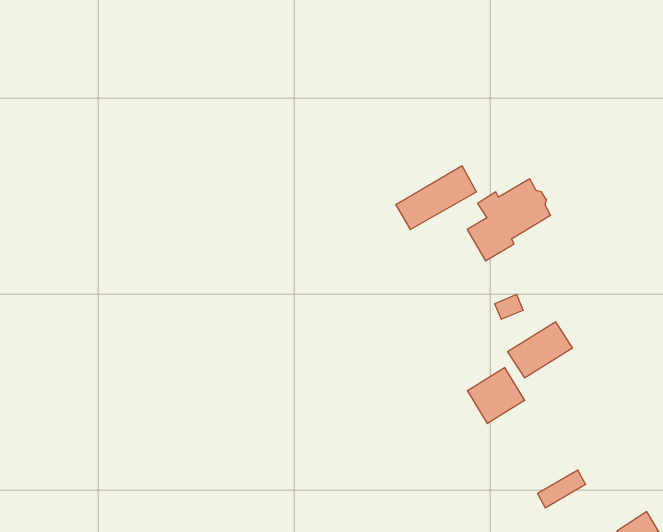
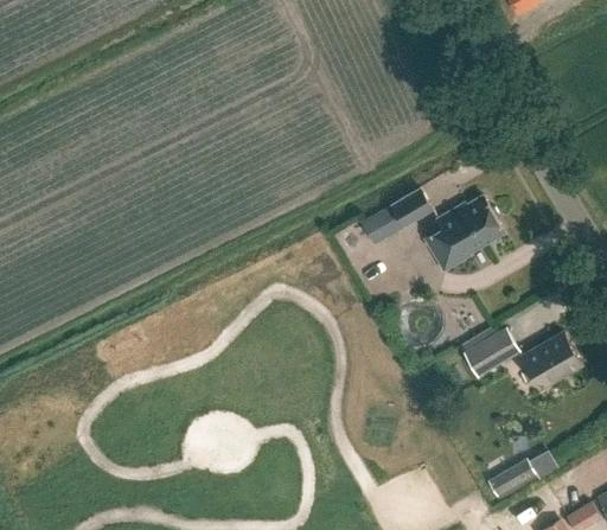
building: none -> [520,332,582,390]
building: [468,367,525,424] -> none

